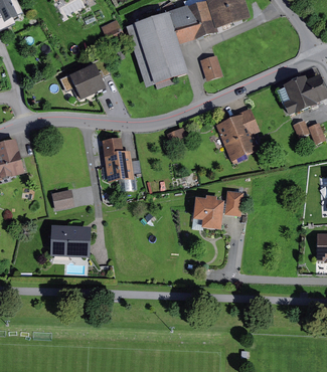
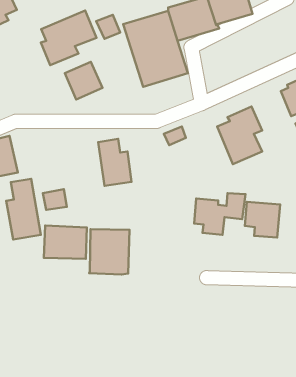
building: none -> [41,11,97,65]
building: [200,53,223,80] -> none
building: none -> [6,179,41,239]
building: none -> [245,202,280,238]
building: none -> [89,229,130,274]

